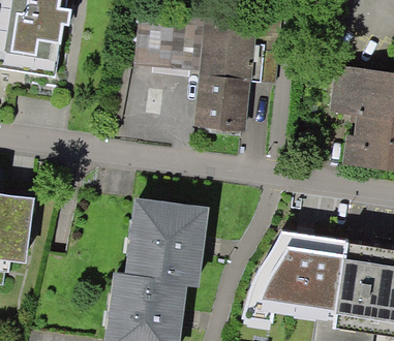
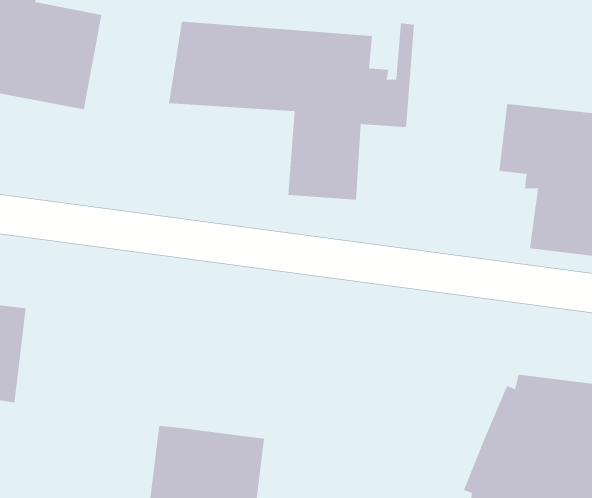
building: [125,203,203,286] -> none
building: [255,222,337,305] -> none

